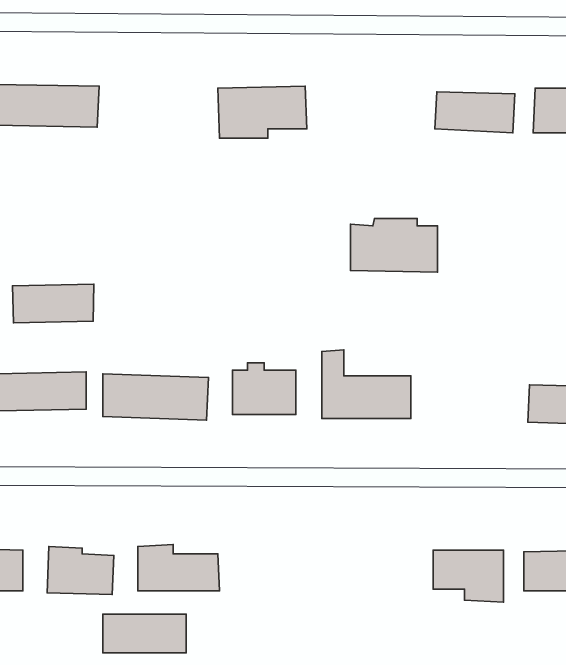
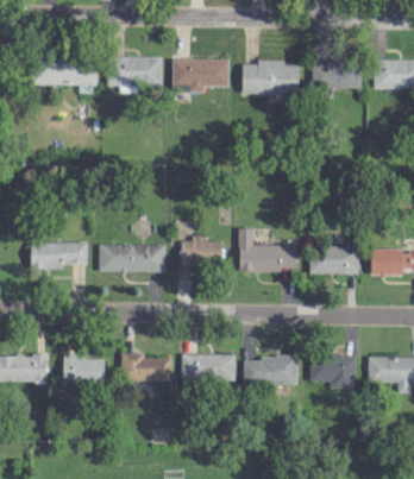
building: none -> [108,56,163,93]
building: [350,218,438,272] -> [243,59,299,94]
building: [12,284,94,323] -> none
building: none -> [310,245,359,273]
building: none -> [245,357,297,384]
building: [103,614,186,653] -> [182,354,236,379]

